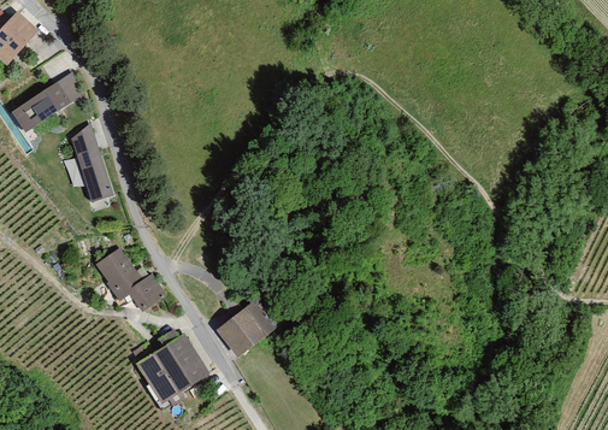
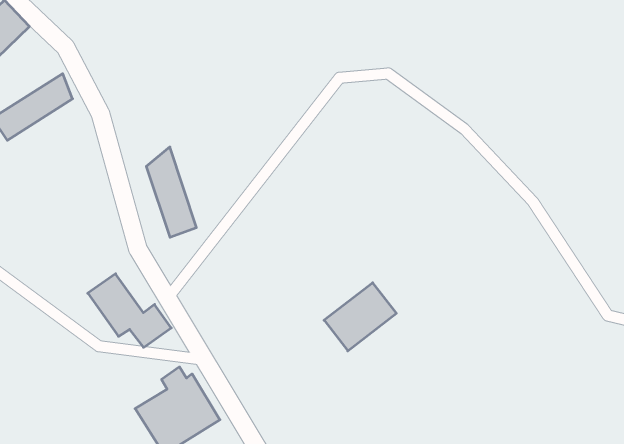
building: [70,124,113,202] -> [146,147,196,237]
building: [214,298,277,357] -> [324,283,396,351]

